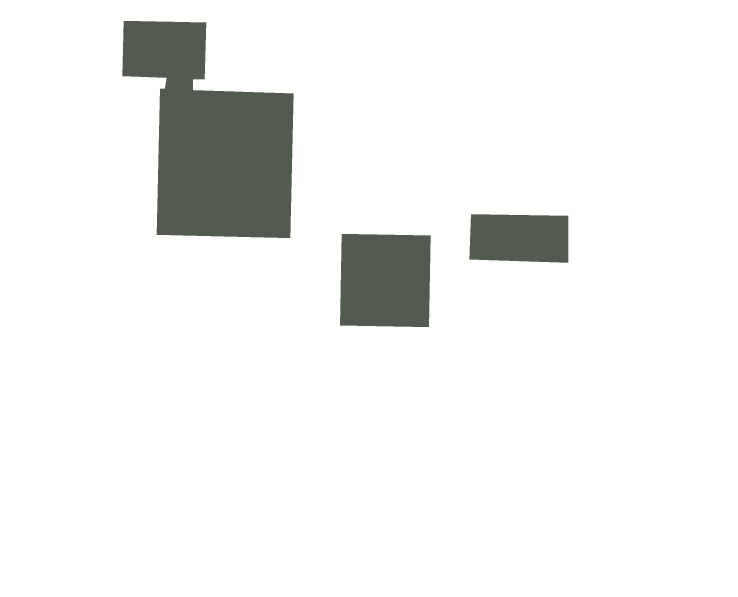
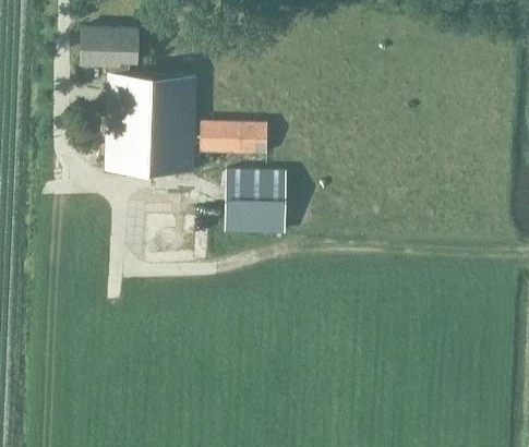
building: [469,214,569,263] -> [201,121,267,154]

